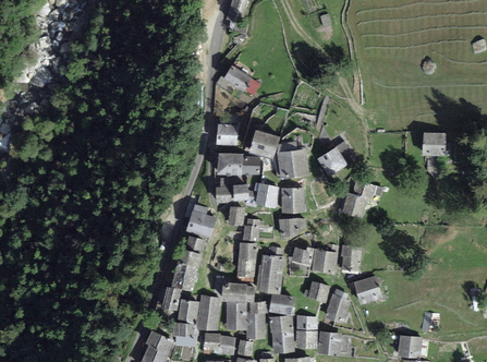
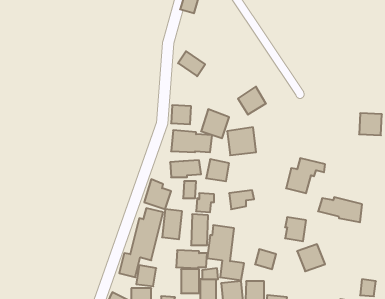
building: [317,144,348,174] -> [238,87,266,115]
building: [281,186,305,212] -> none
building: [290,245,338,273] -> [318,197,362,222]
building: [325,293,351,324] -> none
building: [197,297,219,329] -> [162,209,182,239]

